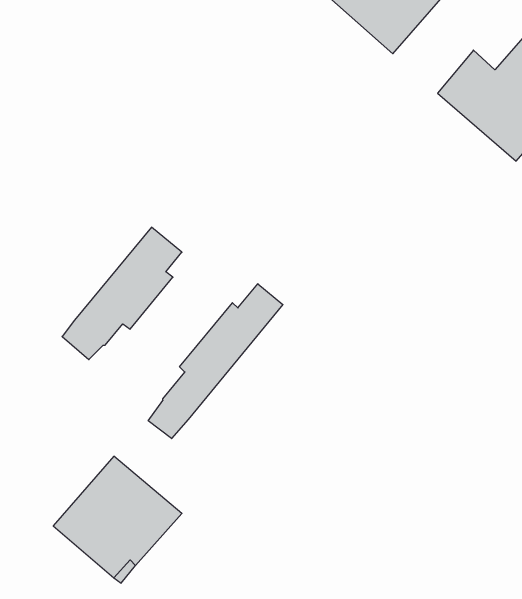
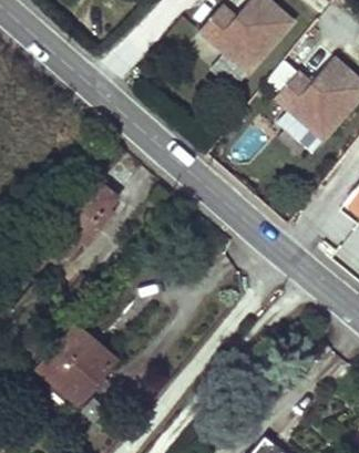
building: [148,284,283,439] -> none

